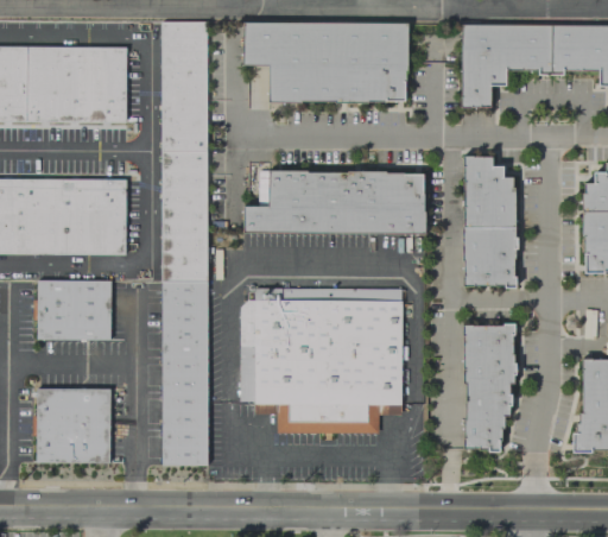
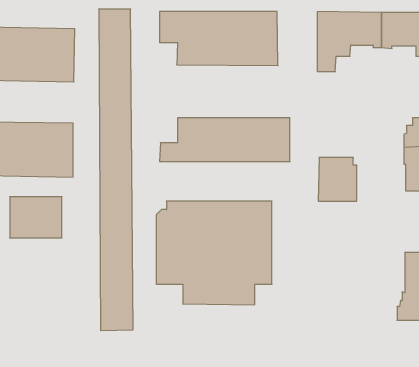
building: [467,158,514,227] -> none
building: [466,326,513,449] -> none
building: [38,388,112,462] -> none

